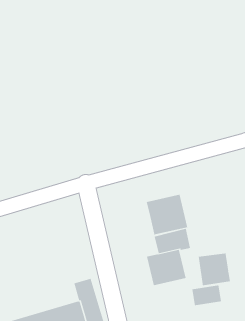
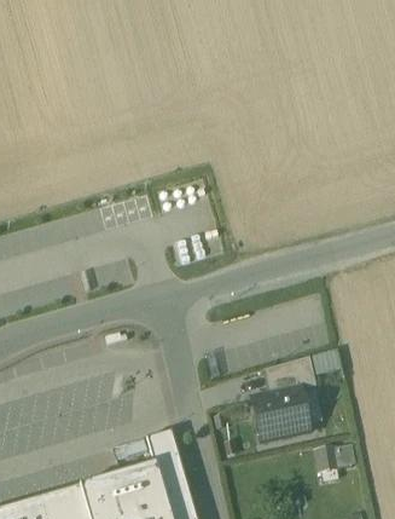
building: [146,194,188,236] -> none
building: [198,252,230,286] -> none

